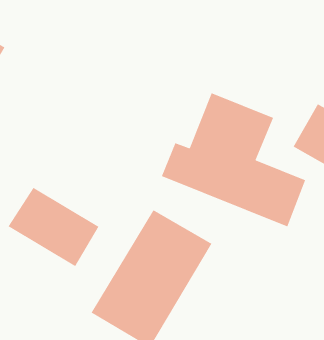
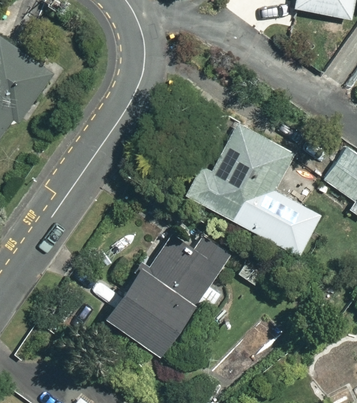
building: [8,187,100,267] -> none

